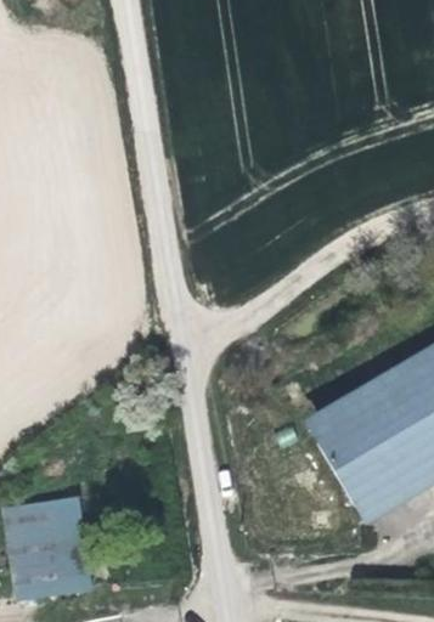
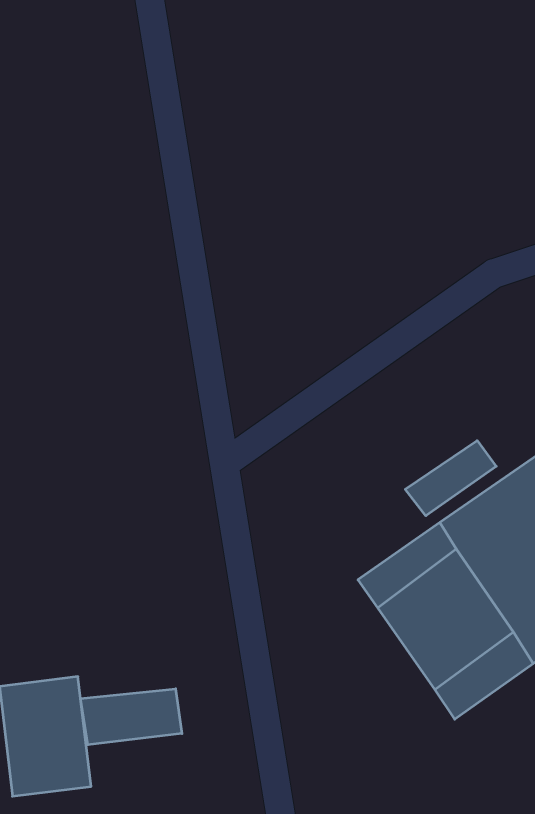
building: none -> [405,441,496,516]
building: none -> [81,689,182,745]

